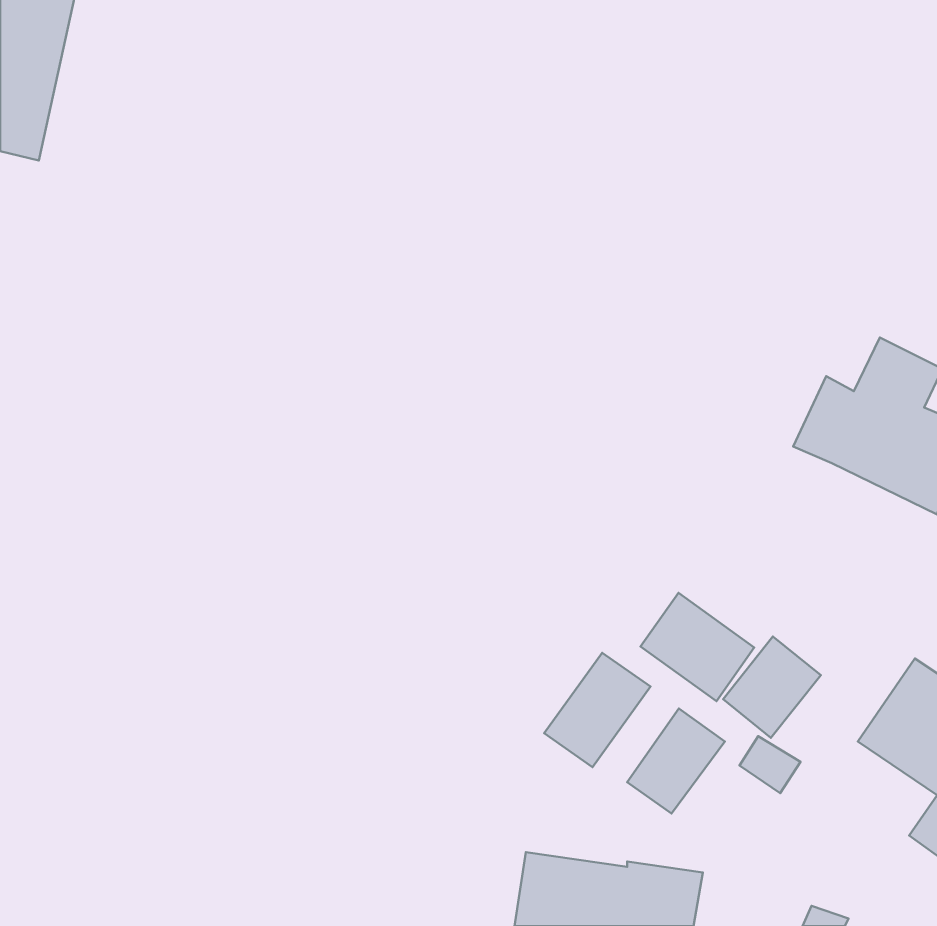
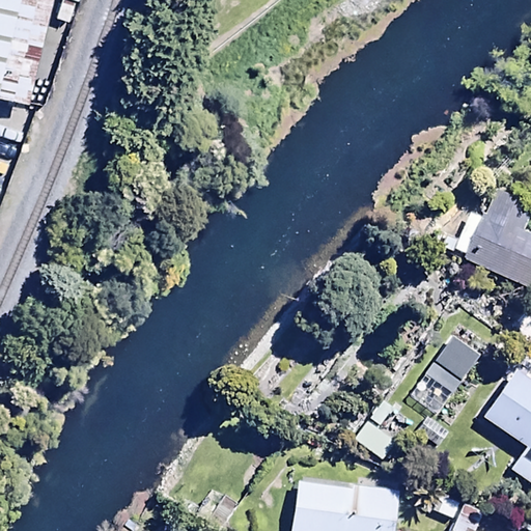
building: [641,593,754,701] -> none
building: [544,653,650,767] -> none

